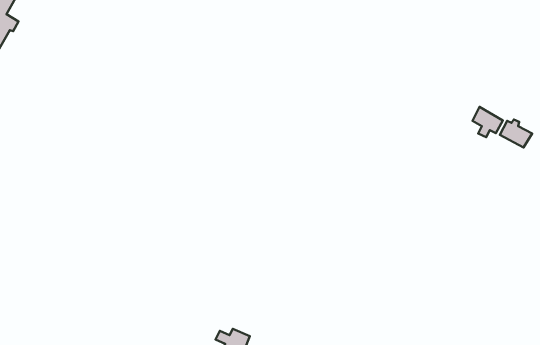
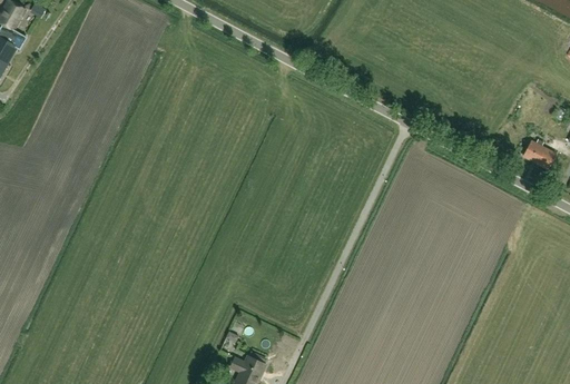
building: [473,107,503,137] -> none

